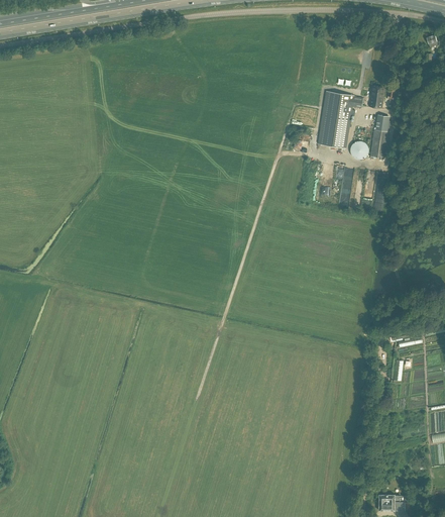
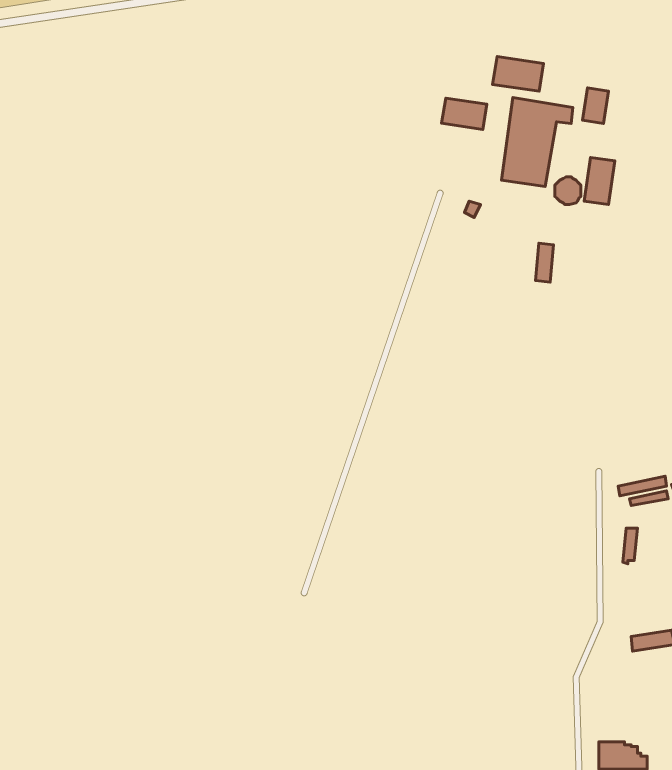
building: none -> [493,57,544,91]
building: none -> [442,98,487,129]

